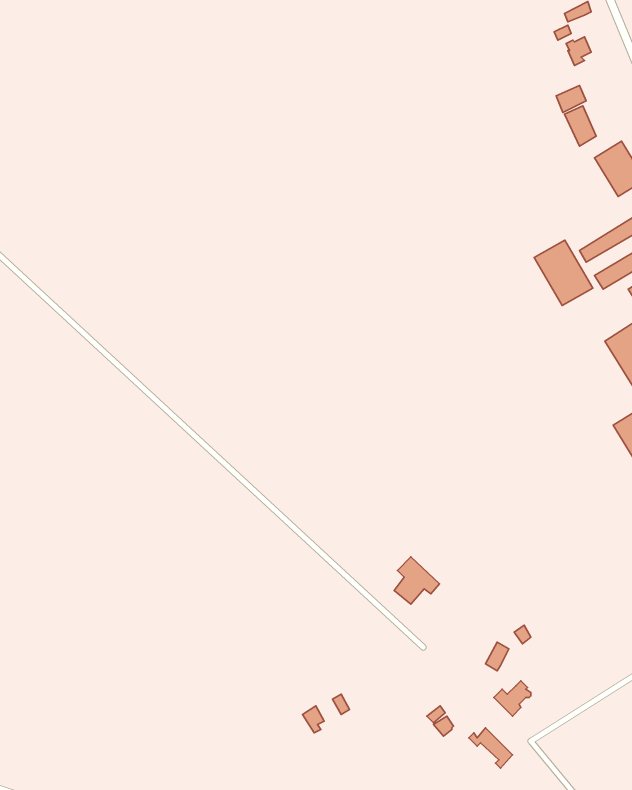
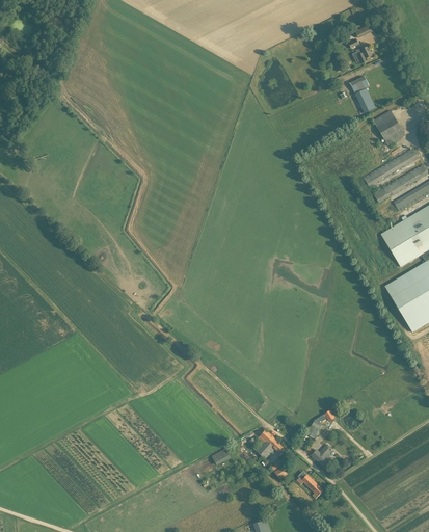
building: [534,240,593,306] -> none
building: [394,557,439,604] -> [256,429,284,458]

